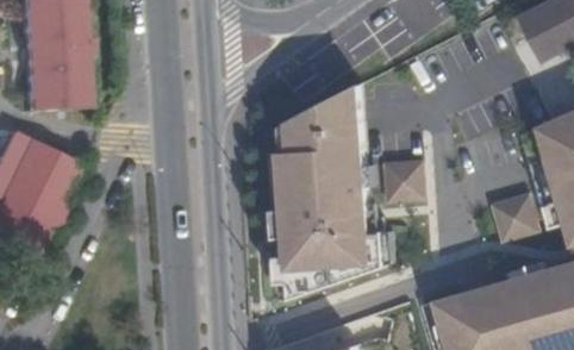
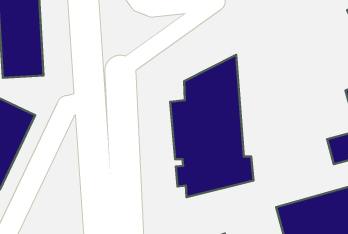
building: [387,163,426,204] -> none

